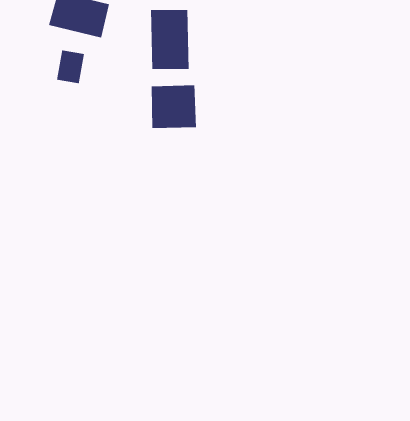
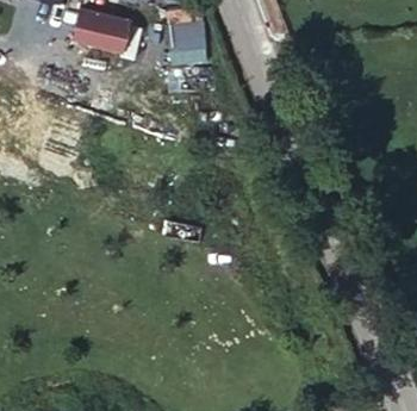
building: [151,84,196,129] -> none

